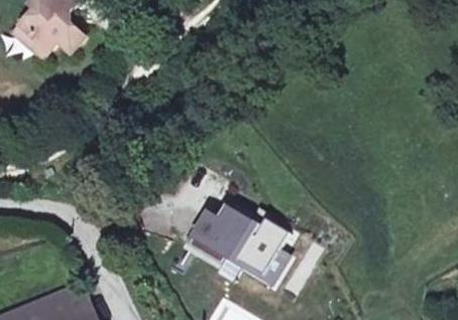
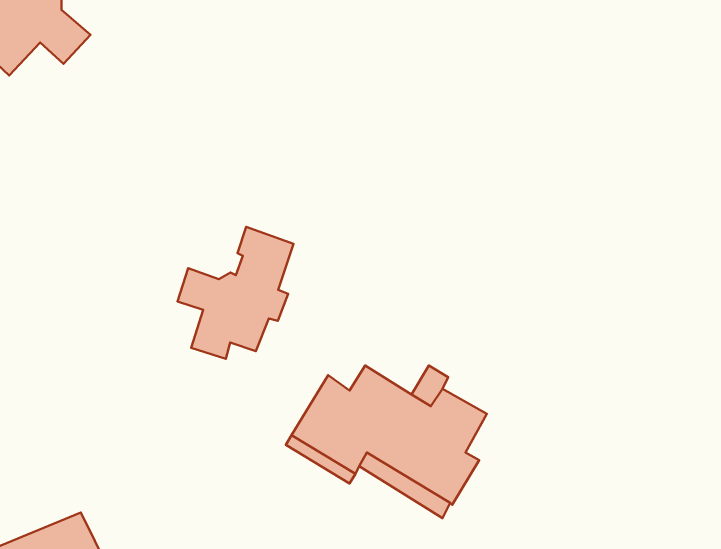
building: none -> [177,227,294,359]

